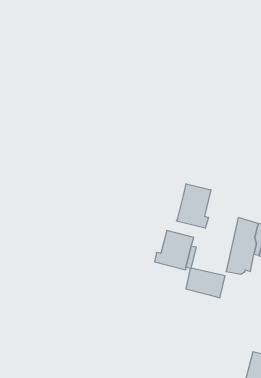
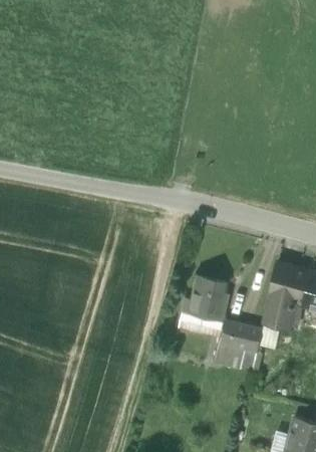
building: [177,184,211,228] -> none
building: none -> [213,344,246,369]

